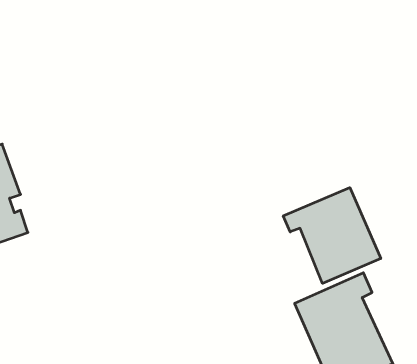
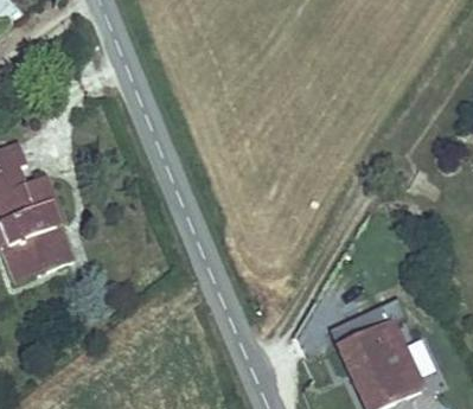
building: [283,188,381,283] -> none

